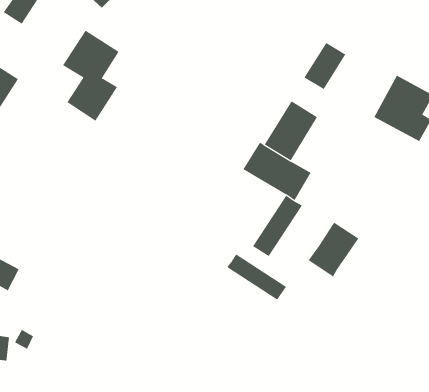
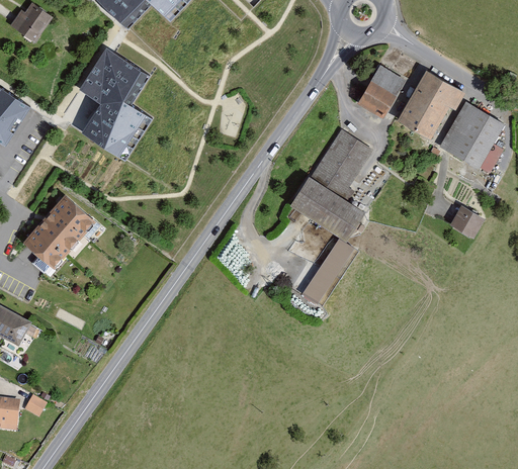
building: none -> [396,70,465,139]
building: none -> [21,198,90,269]
building: none -> [449,206,484,240]
building: [308,222,359,277] -> none
building: [226,253,287,301] -> none

